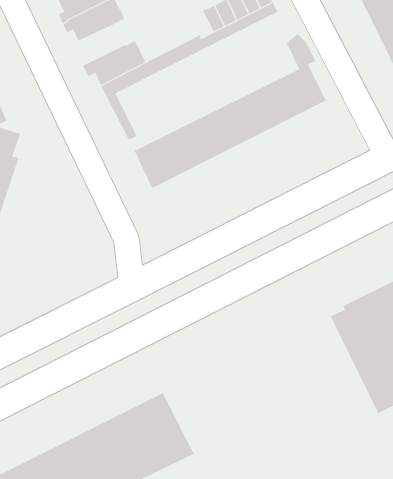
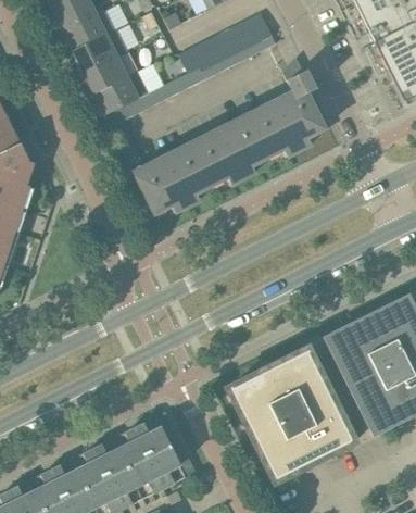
building: none -> [178,40,214,71]
building: none -> [83,53,128,93]
building: none -> [227,348,354,481]

